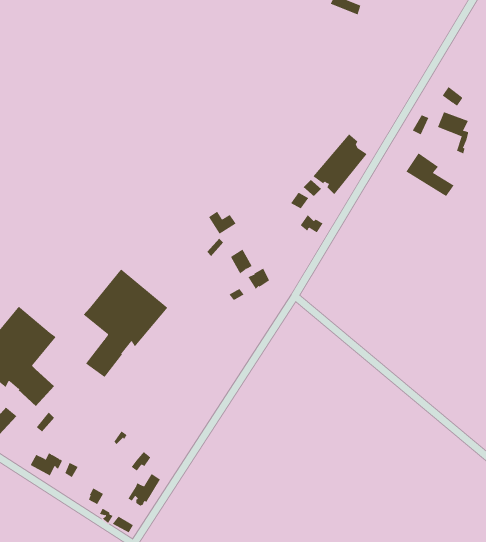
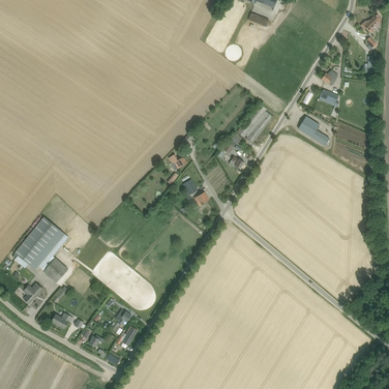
building: [83,268,168,378] -> none

